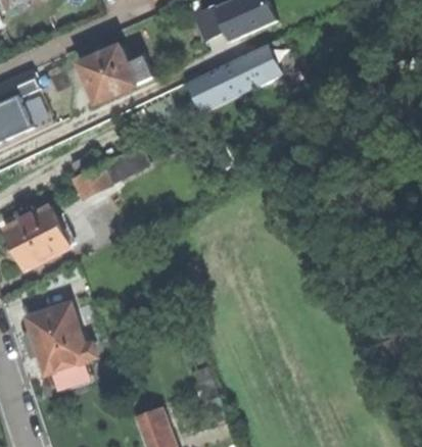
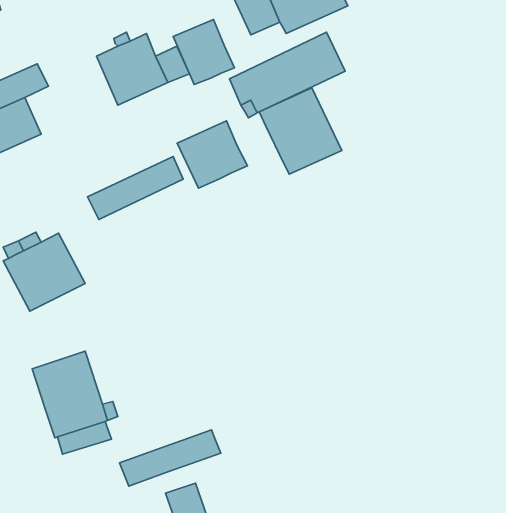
building: none -> [173,20,235,85]
building: none -> [259,88,342,174]
building: none -> [177,121,248,188]
building: none -> [120,430,221,486]

